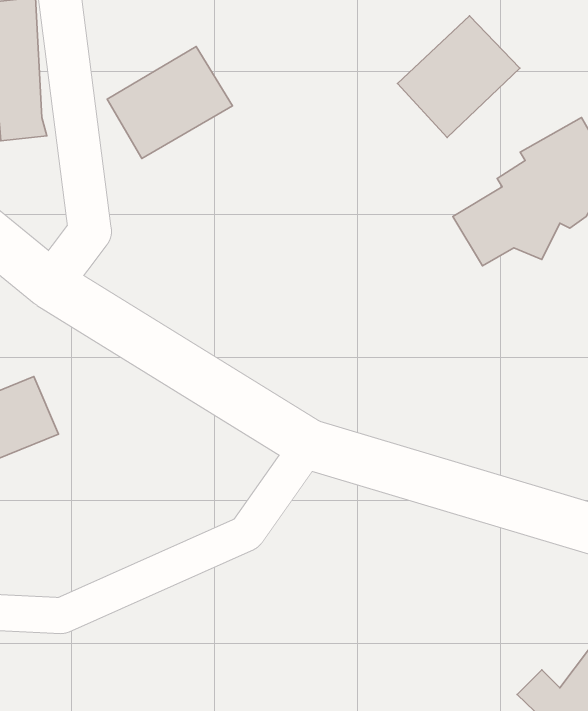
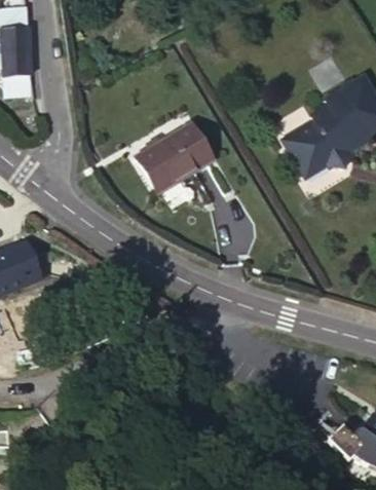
building: [397,16,520,137] -> none
building: [107,46,233,158] -> [135,122,213,192]

